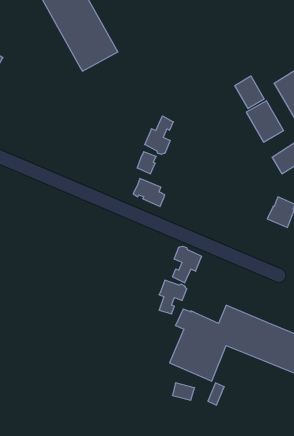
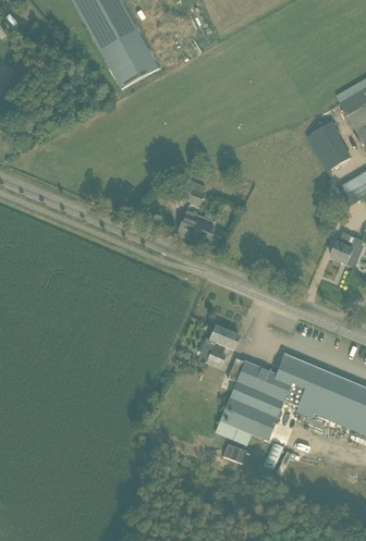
building: [235,76,264,109] -> none
building: [145,116,173,154] -> none
building: [173,246,202,283] -> none

